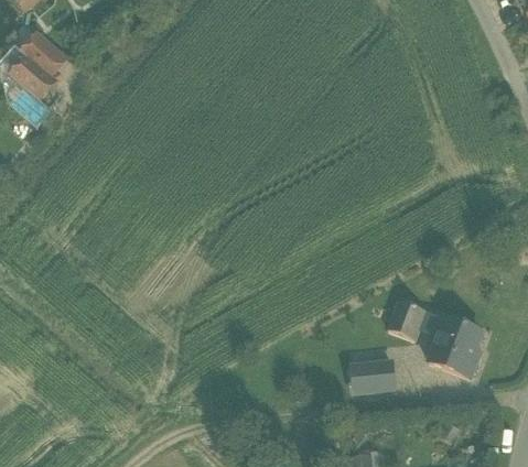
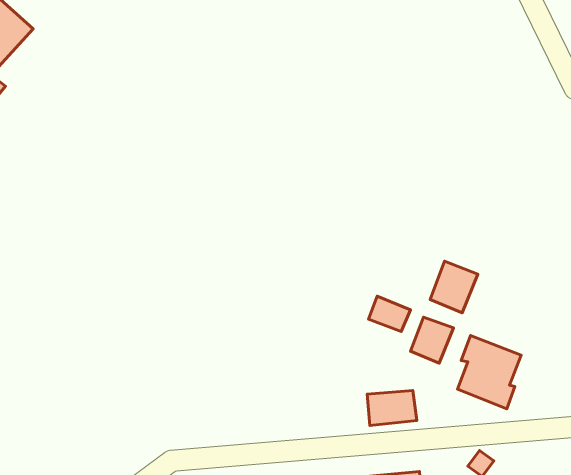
building: none -> [430,261,478,313]
building: none -> [368,296,411,332]

